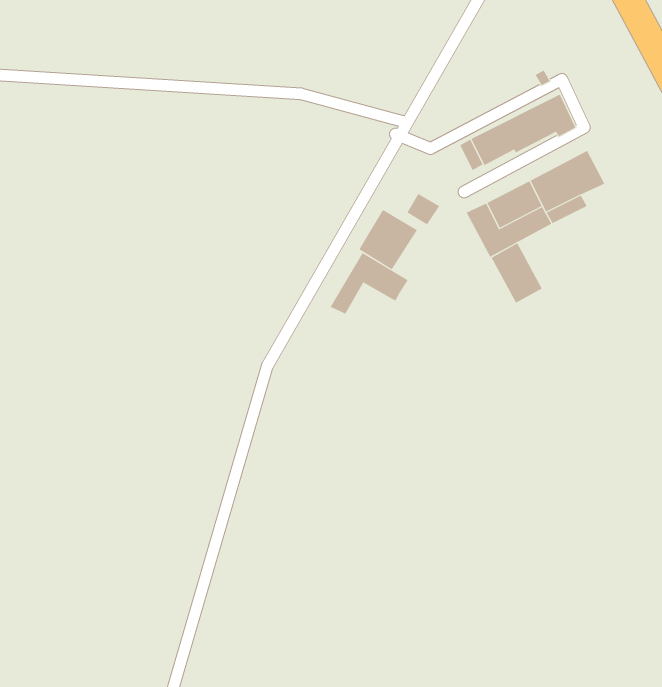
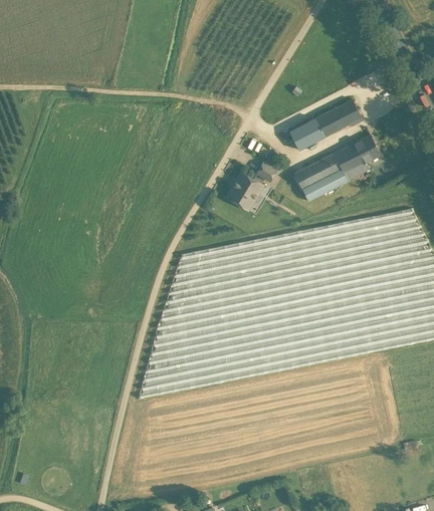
building: [491,242,542,304] -> none
building: [330,252,408,314] -> none

